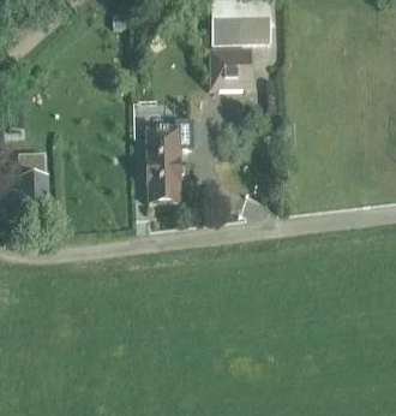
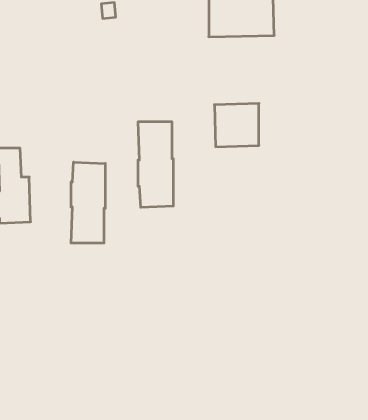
building: [210,48,251,88] -> [214,103,259,147]
building: none -> [71,162,105,243]

